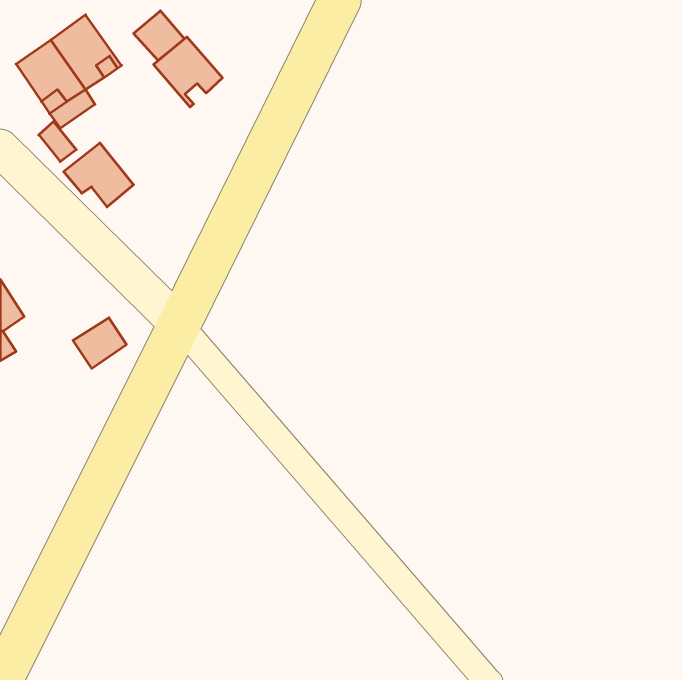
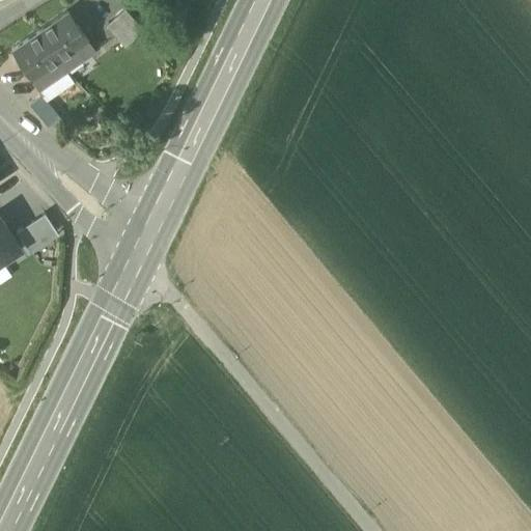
building: [154,37,222,107] -> none
building: [64,143,134,207] -> none
building: [73,318,126,368] -> [16,215,57,254]

